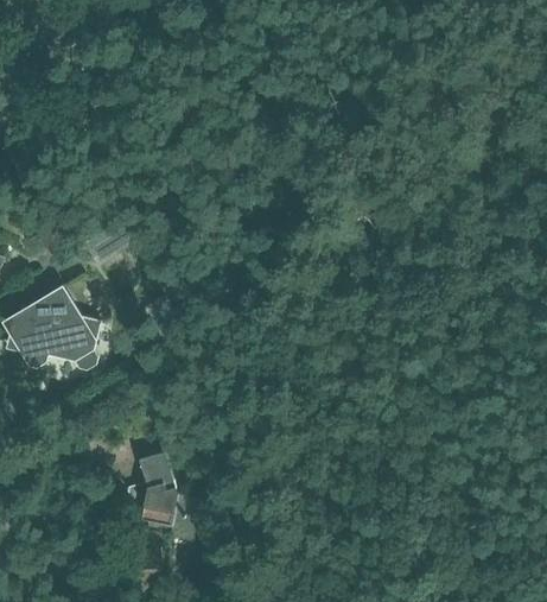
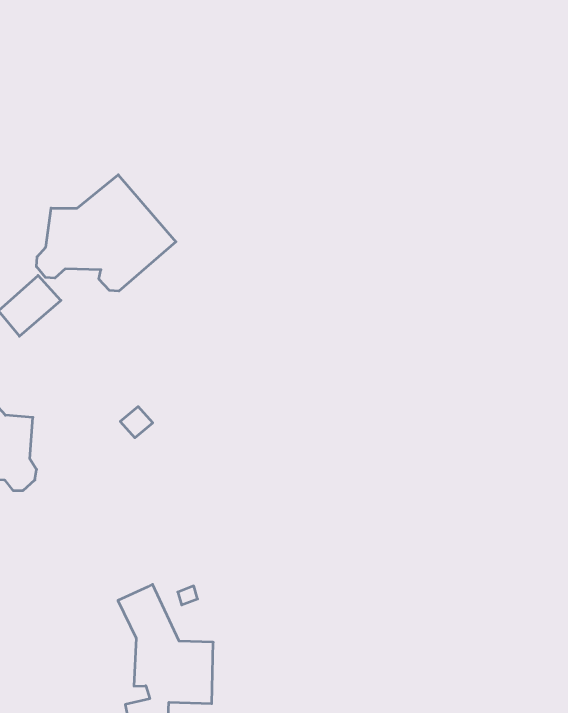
building: none -> [36,175,176,291]

